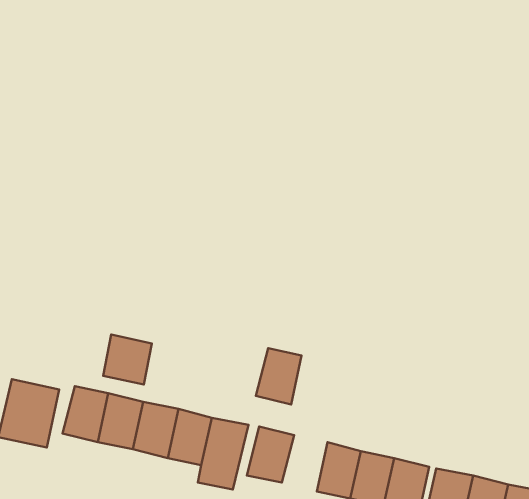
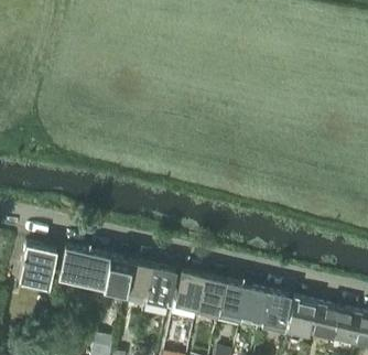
building: [103,335,152,384] -> none
building: [256,348,302,404] -> [196,279,225,314]

